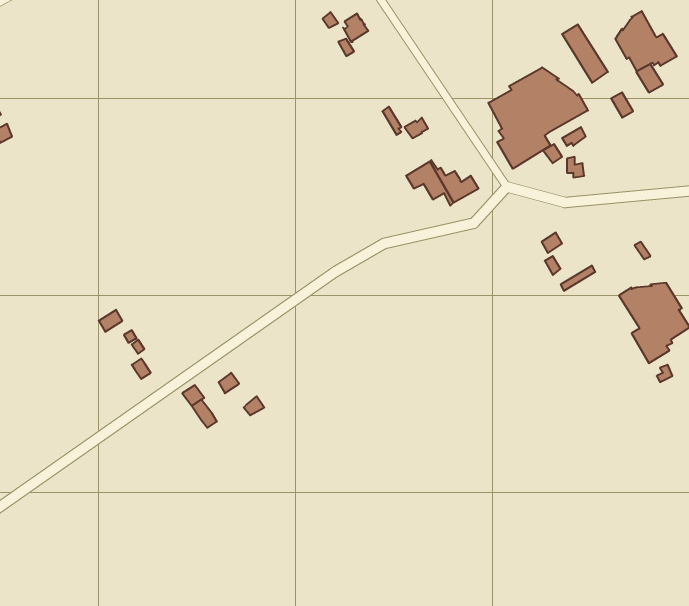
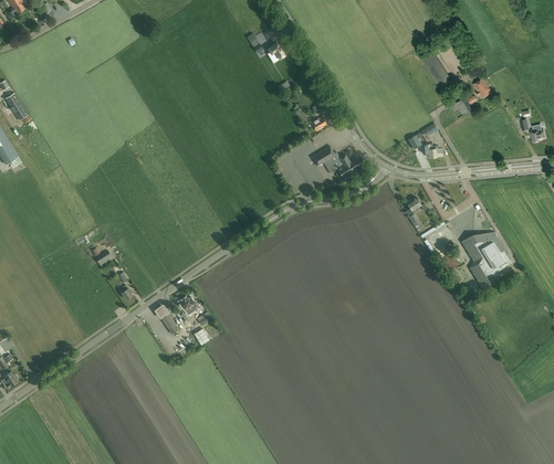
building: [615,11,677,71] -> none
building: [488,67,588,169] -> none

